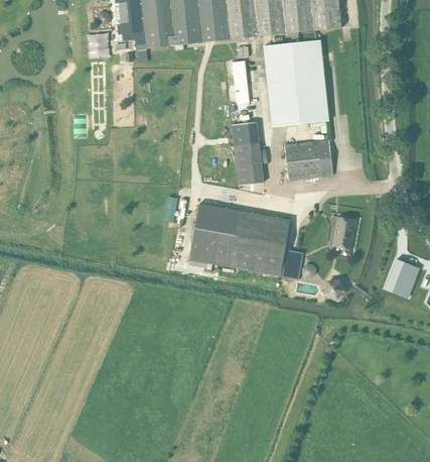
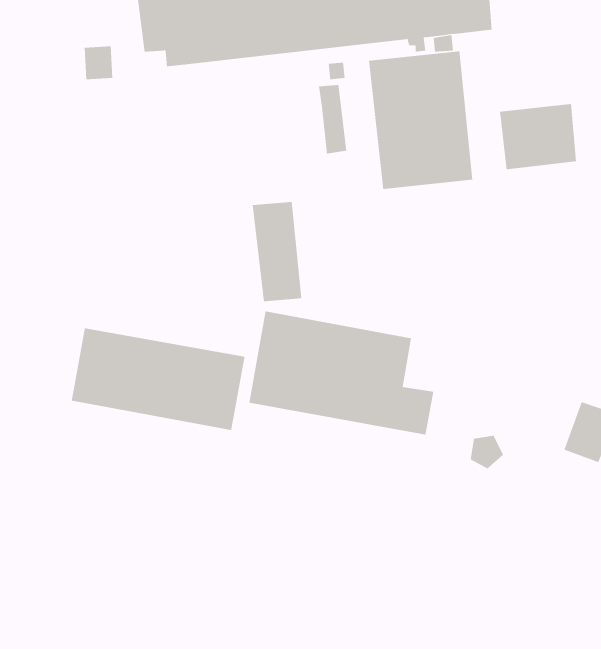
building: [232,122,263,185] -> [252,202,302,302]
building: [284,138,332,180] -> [499,103,577,170]
building: none -> [71,328,245,431]
building: [332,216,356,248] -> none

